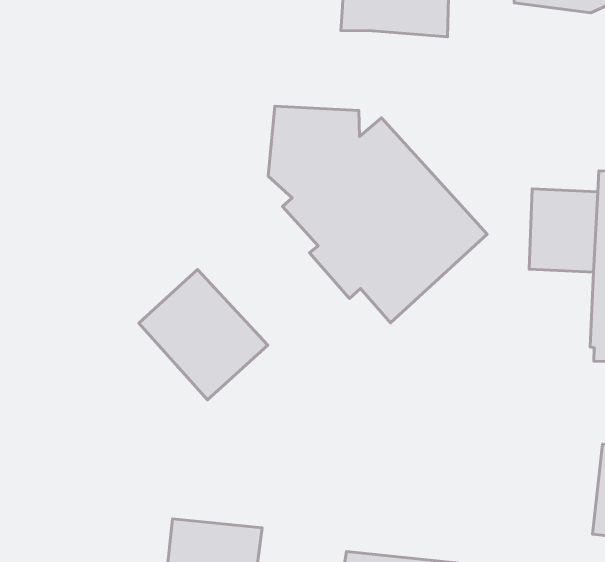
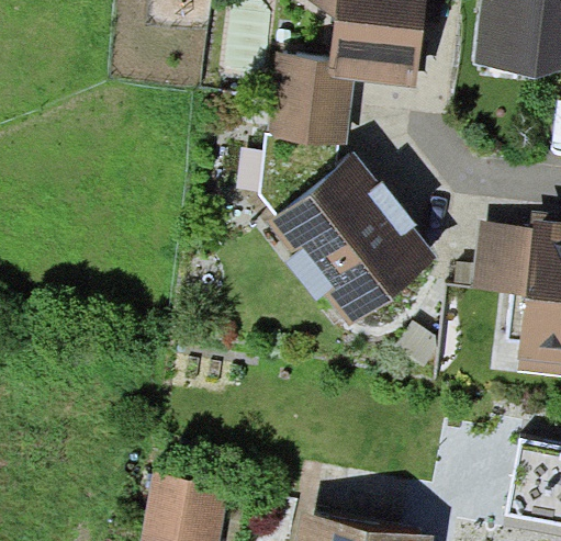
building: none -> [268,54,355,145]
building: [139,269,268,400] -> none

